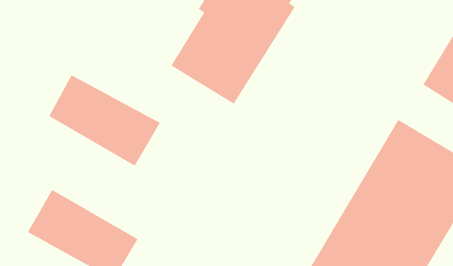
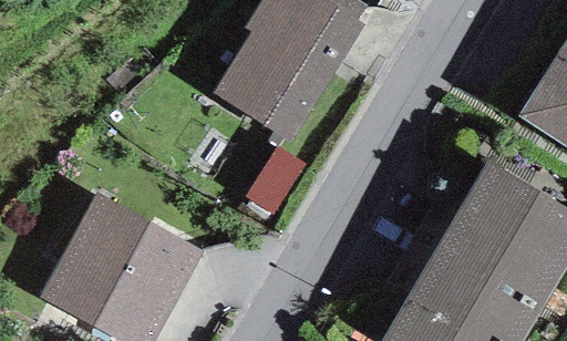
building: [49,74,161,166] -> [69,194,205,306]

